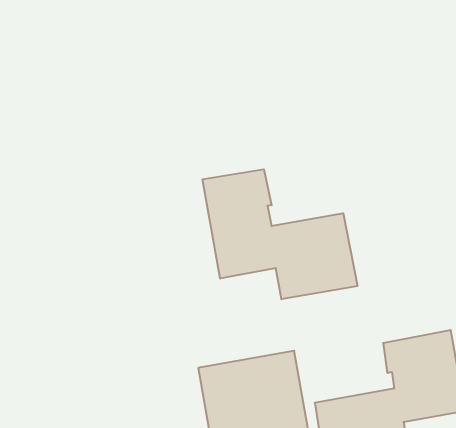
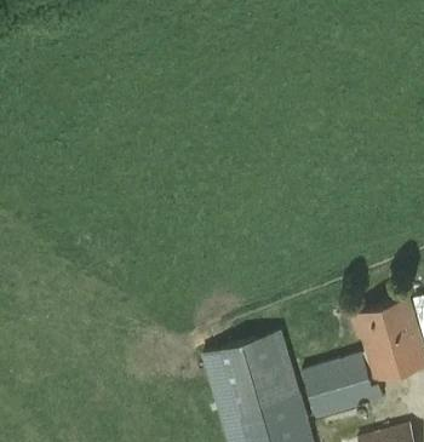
building: [203,169,357,299] -> none

